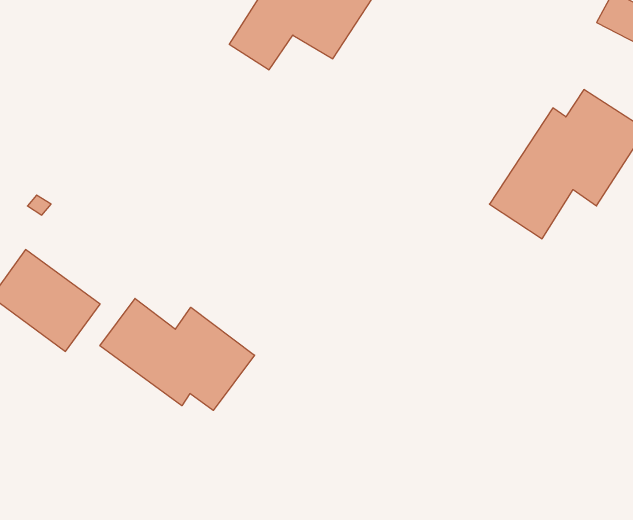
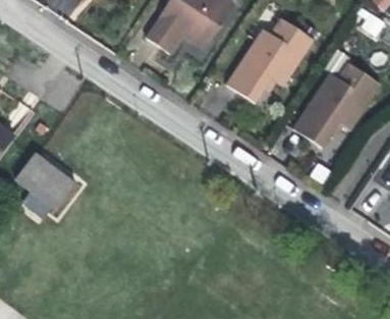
building: none -> [226,19,314,102]
building: [100,298,255,410] -> none

